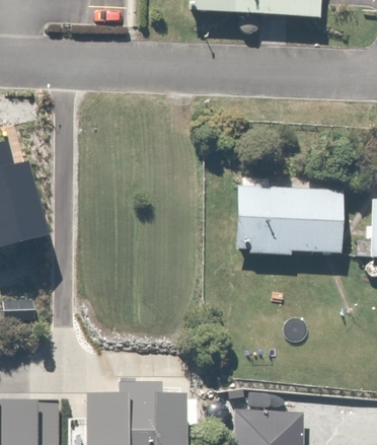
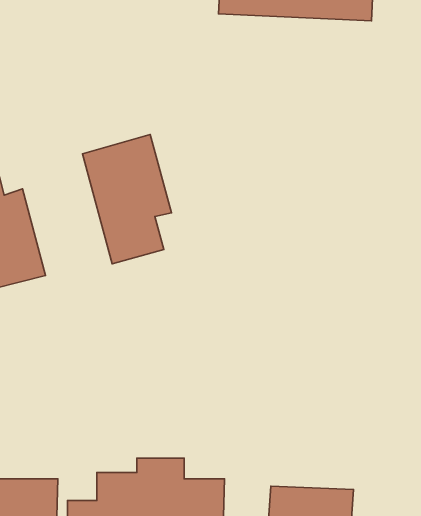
building: none -> [83,134,172,264]
building: [233,184,345,255] -> none

